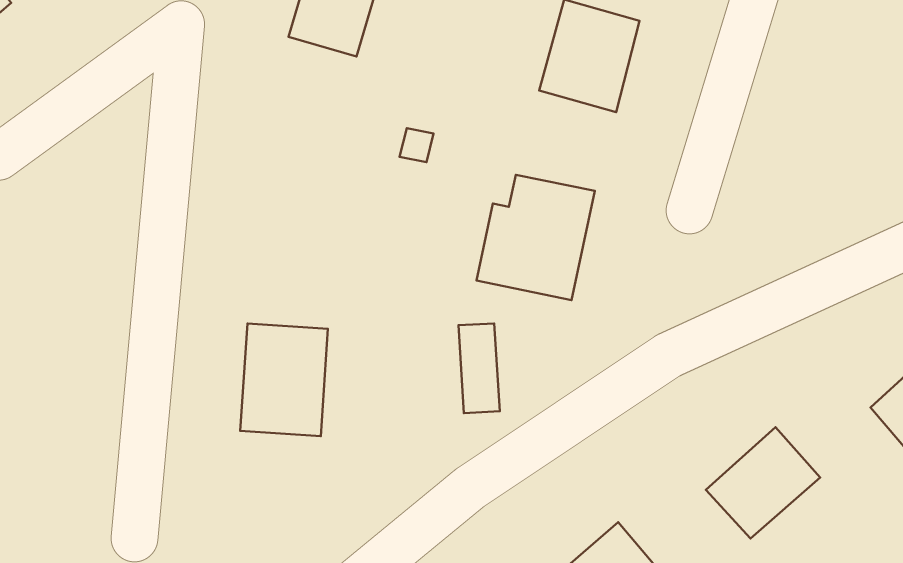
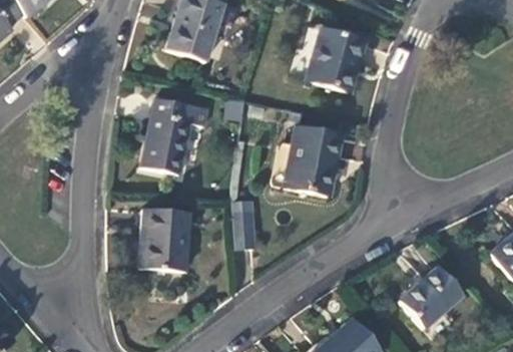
building: none -> [141,96,208,172]
building: [458,323,500,413] -> [232,198,255,248]

